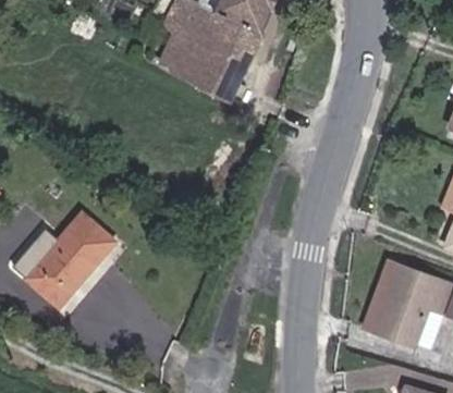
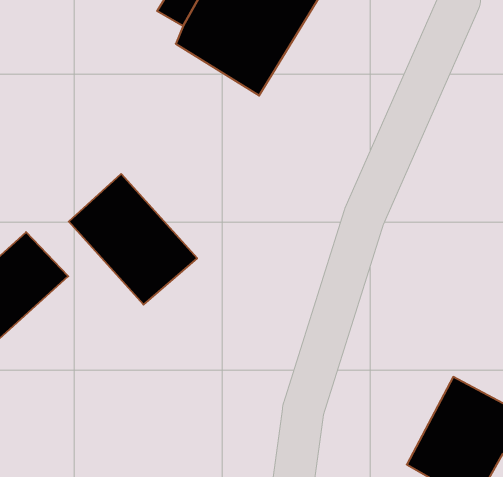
building: none -> [69,174,197,305]

